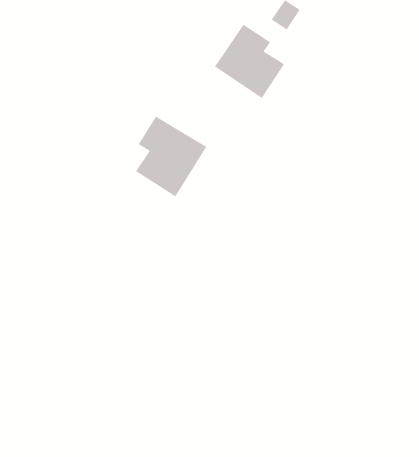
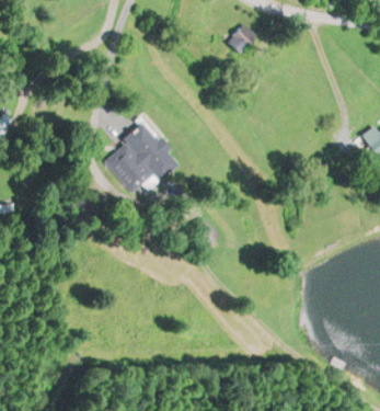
building: [214,24,285,99] -> none

